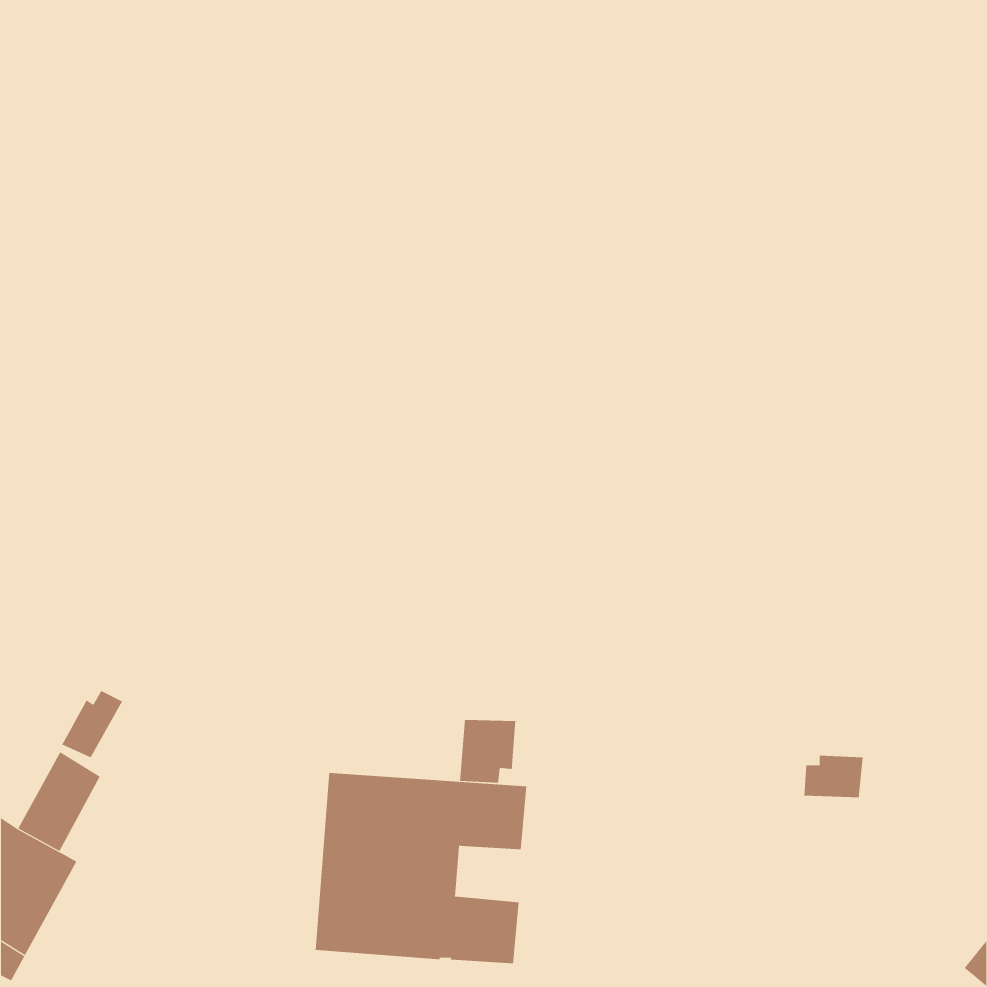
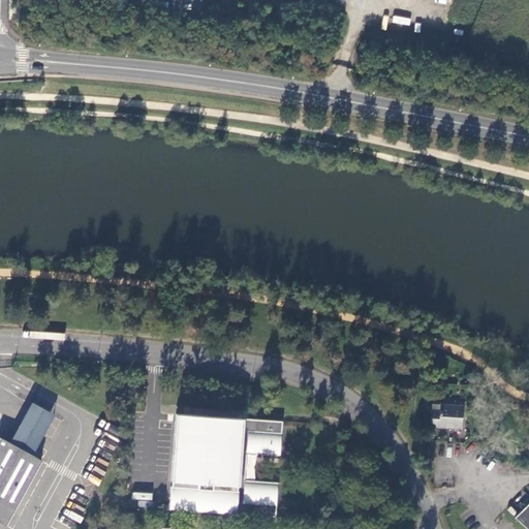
building: [62,690,123,758] -> none
building: [460,719,516,784] -> none

